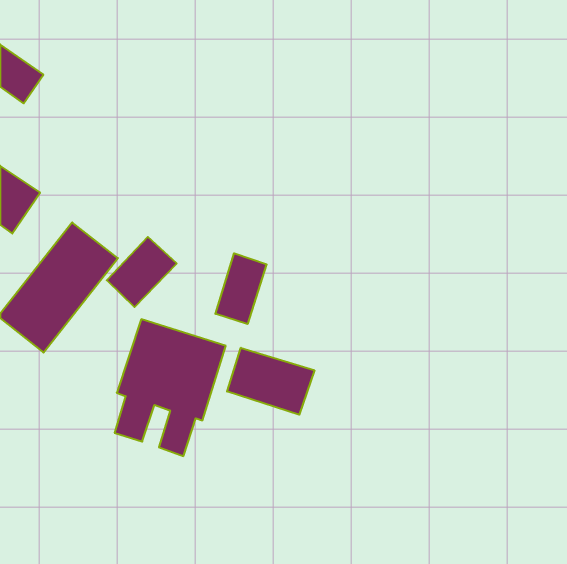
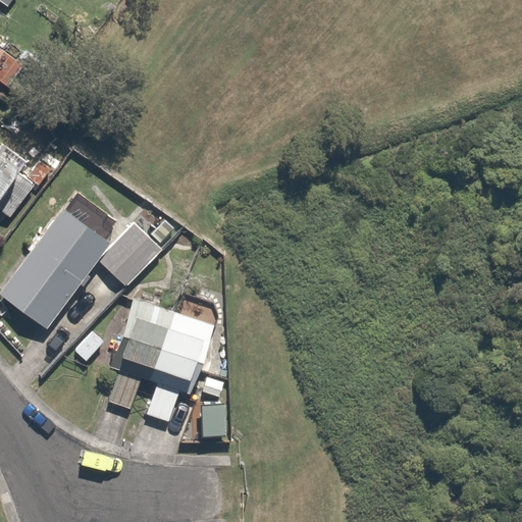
building: [215,253,267,324] -> none
building: [227,348,314,415] -> none

